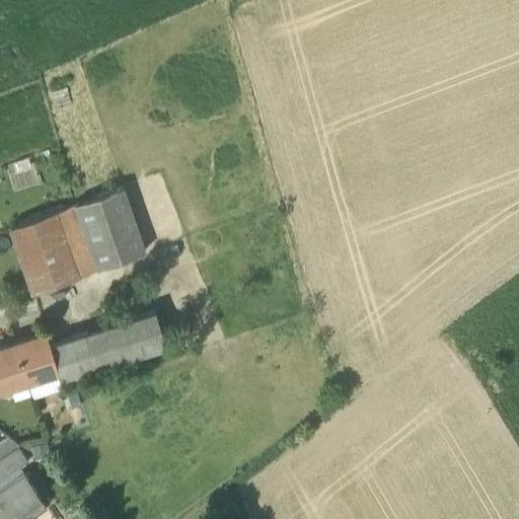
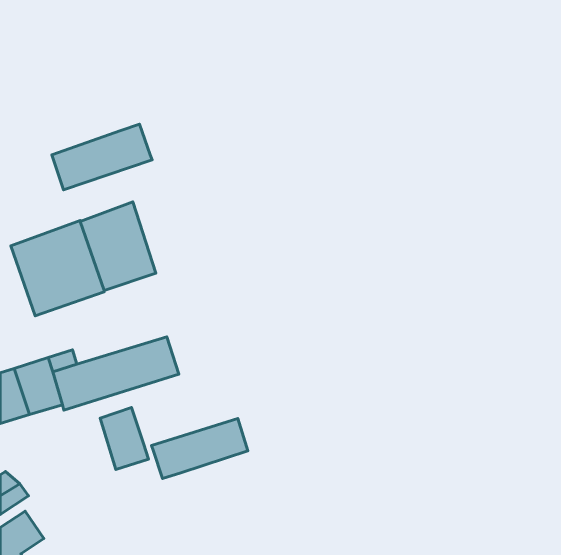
building: none -> [52,124,152,190]
building: none -> [100,408,149,469]
building: none -> [151,418,248,478]

